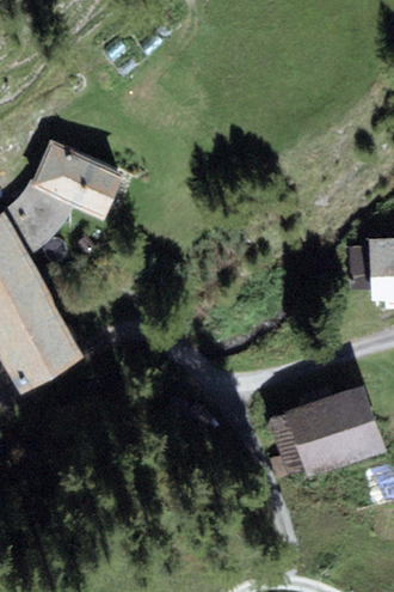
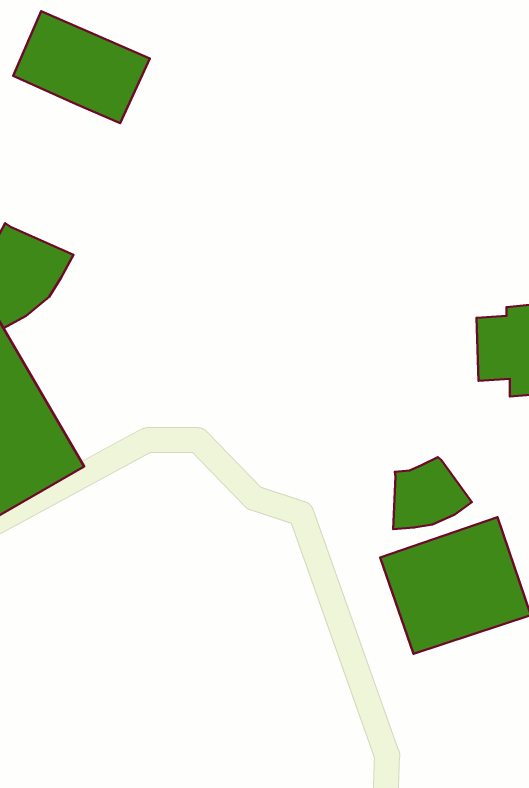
building: [30,144,123,220] -> [13,11,150,123]
building: none -> [393,457,472,529]

